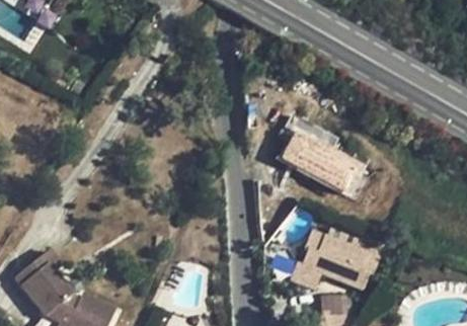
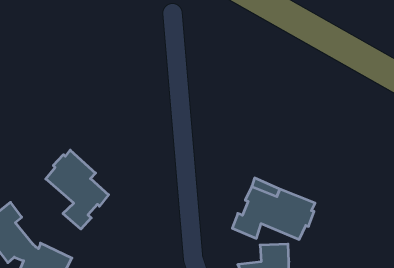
building: [278,127,367,195] -> none
building: none -> [46,150,109,229]

